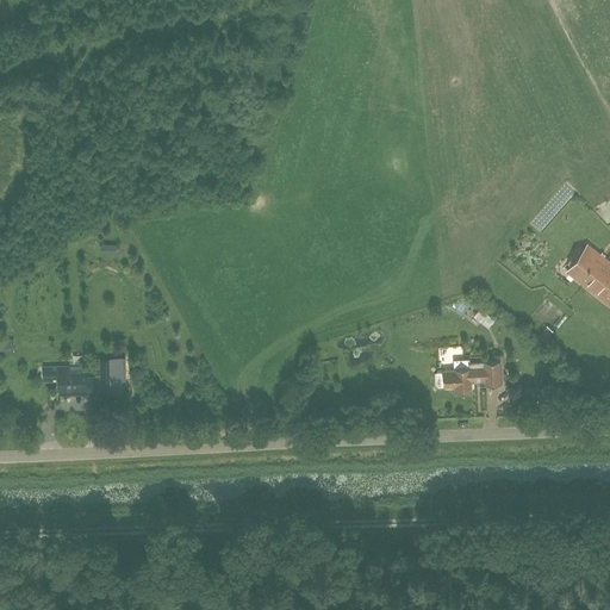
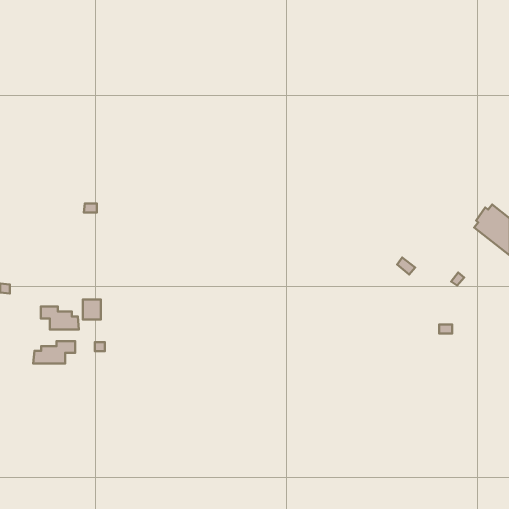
building: [437,362,503,393] -> none
building: none -> [33,341,75,363]

